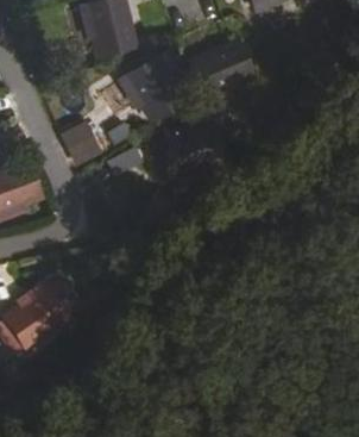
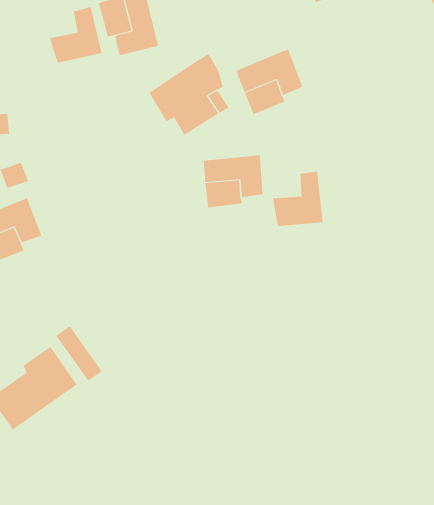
building: none -> [49,6,102,63]
building: [61,118,105,166] -> none
building: none -> [273,171,323,227]

